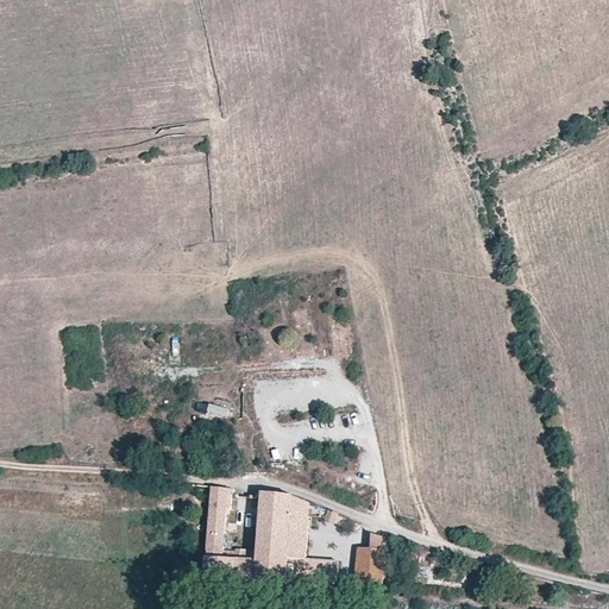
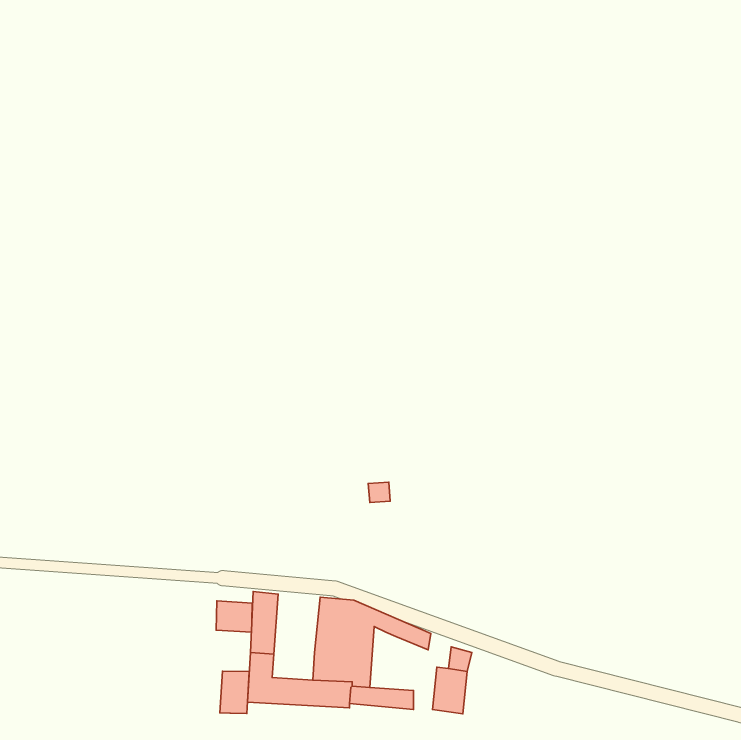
building: none -> [216,601,252,632]
building: none -> [220,671,249,713]

